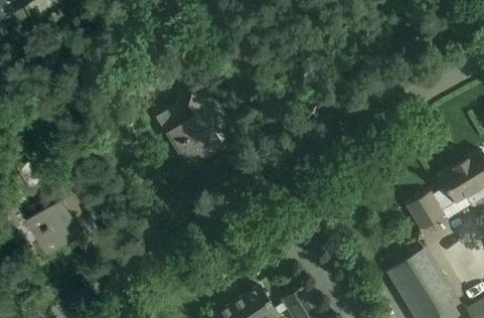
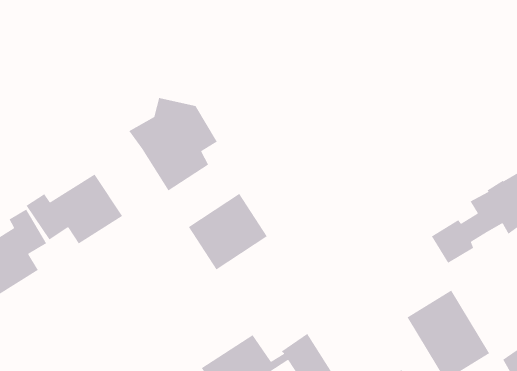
building: none -> [26,173,123,244]
building: none -> [188,193,268,271]

